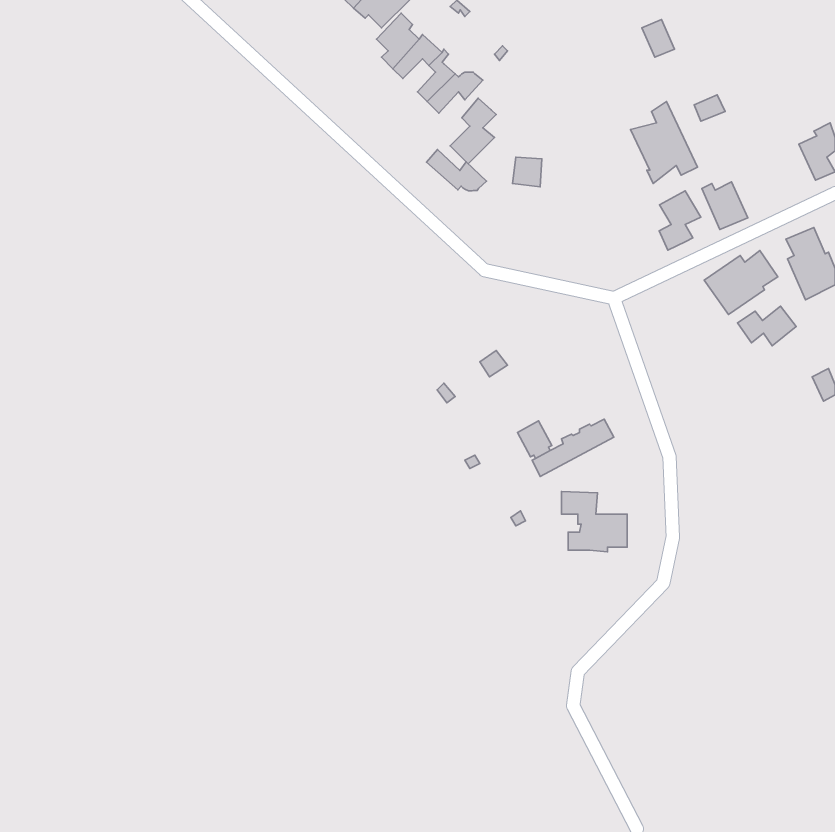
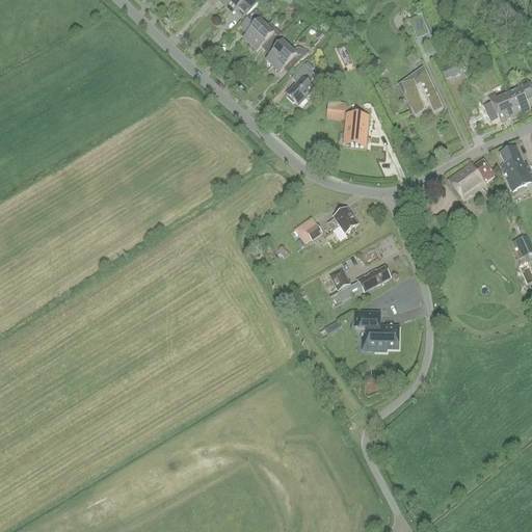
building: [426,149,487,191] -> none
building: none -> [343,113,367,144]
building: [702,182,748,229] -> [488,91,517,122]
building: [659,191,701,250] -> none
building: [737,306,796,346] -> none
building: none -> [326,207,357,233]

